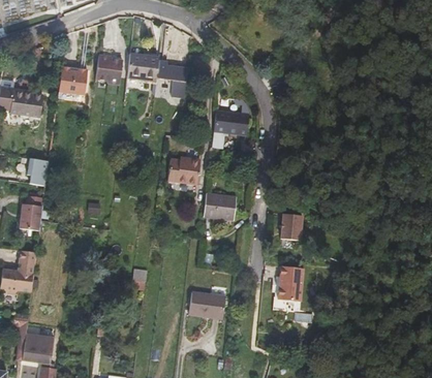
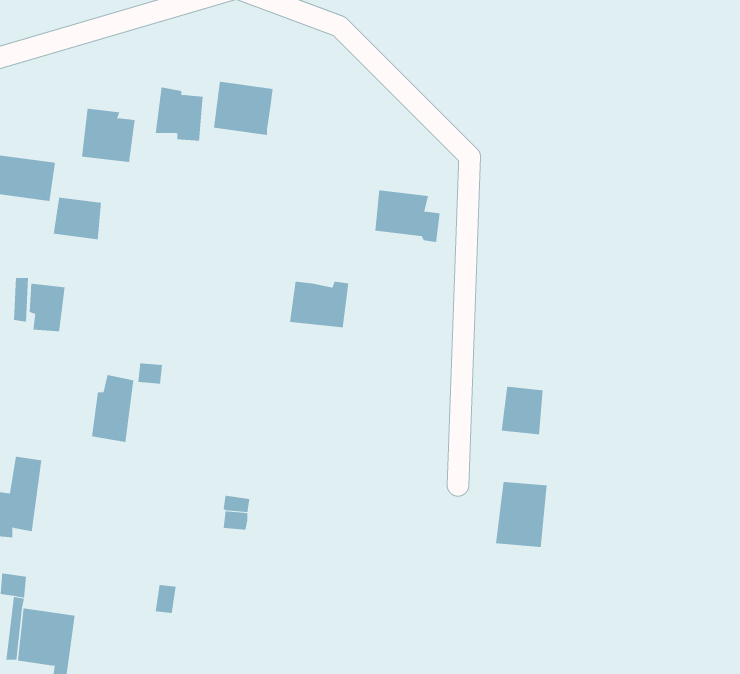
building: [156,60,188,91] -> none
building: none -> [53,197,102,240]
building: [204,193,236,219] -> none
building: [21,194,43,230] -> [91,374,134,442]
building: [189,291,225,318] -> none

